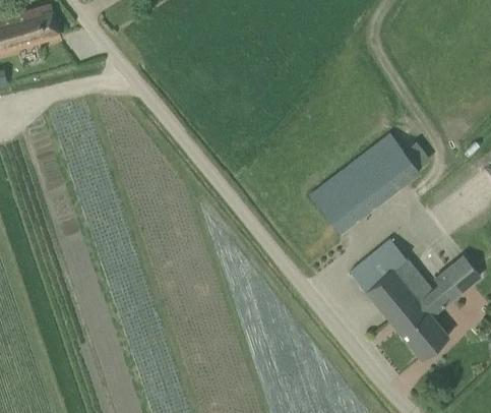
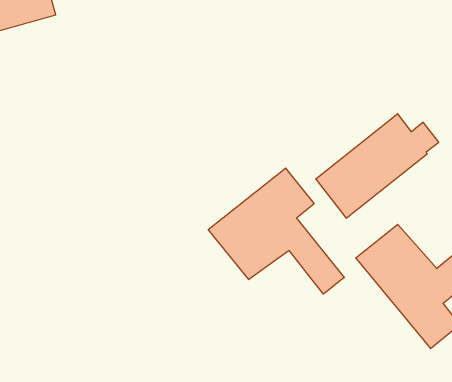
building: none -> [208,168,344,294]

